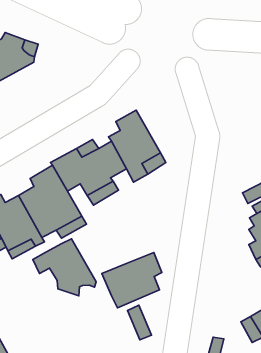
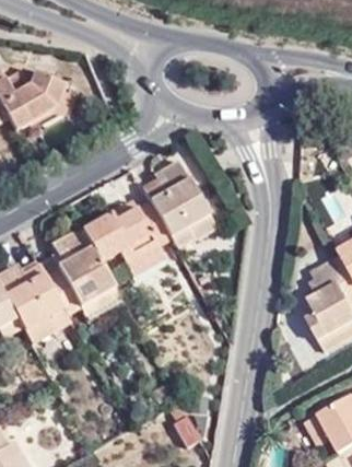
building: [33,239,96,296] -> none
building: [102,252,162,308] -> none

